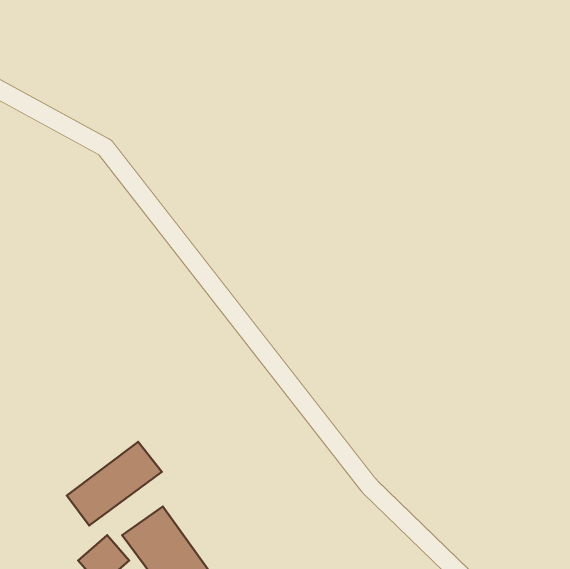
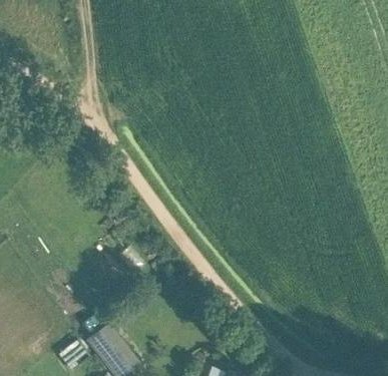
building: [67,442,162,525] -> none

